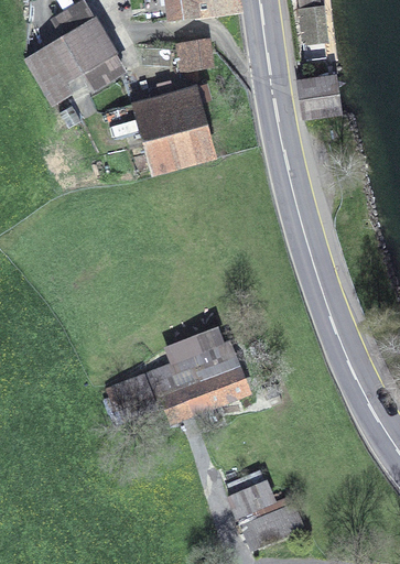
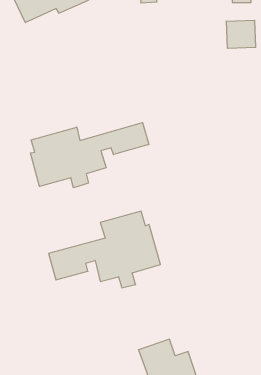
building: [106,84,213,164] -> none
building: none -> [30,123,149,188]

